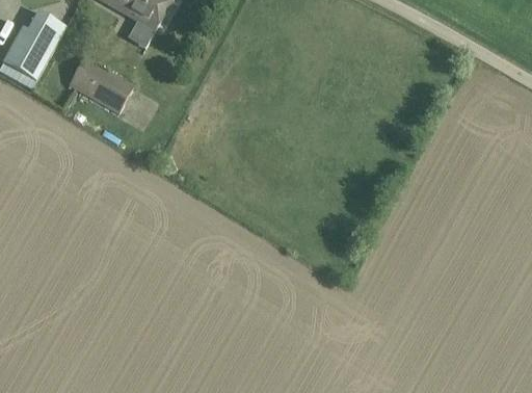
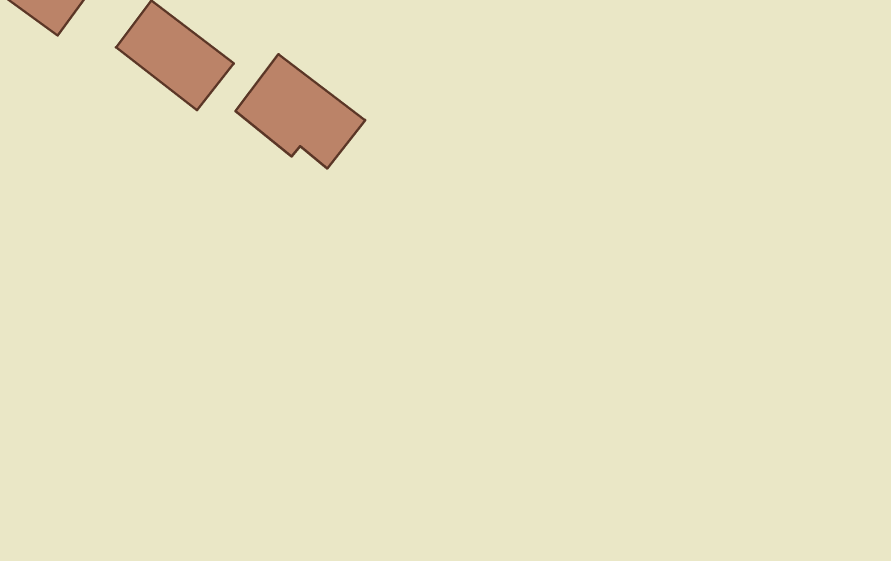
building: none -> [236,54,365,168]

